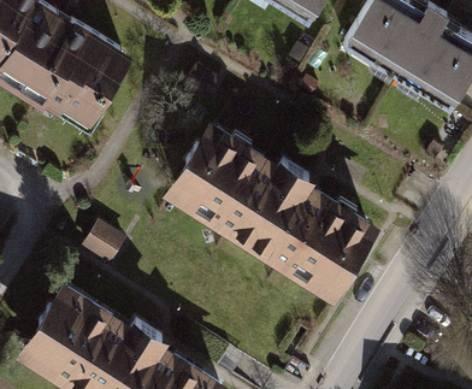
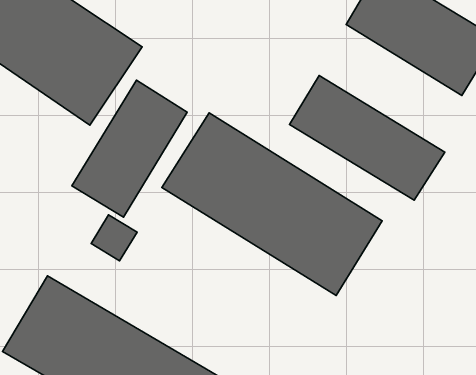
building: none -> [289,76,445,200]
building: none -> [72,80,187,217]

